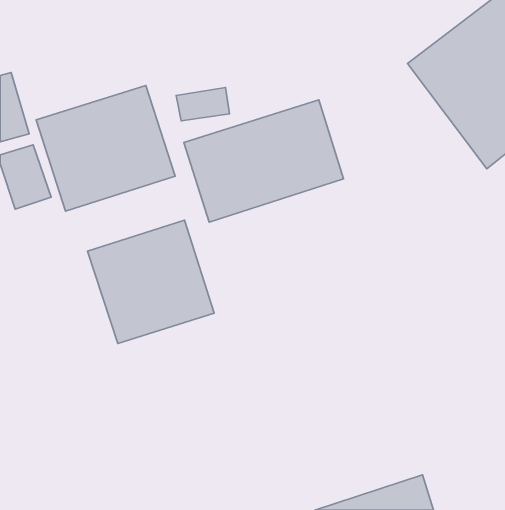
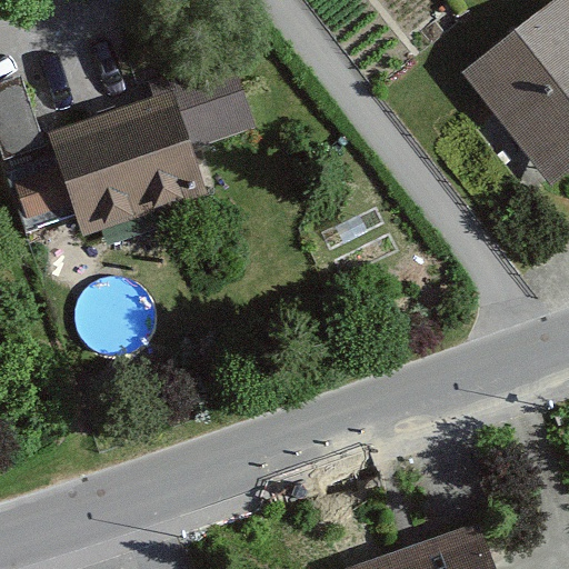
building: [184,100,344,222] -> none
building: [88,220,214,344] -> none

